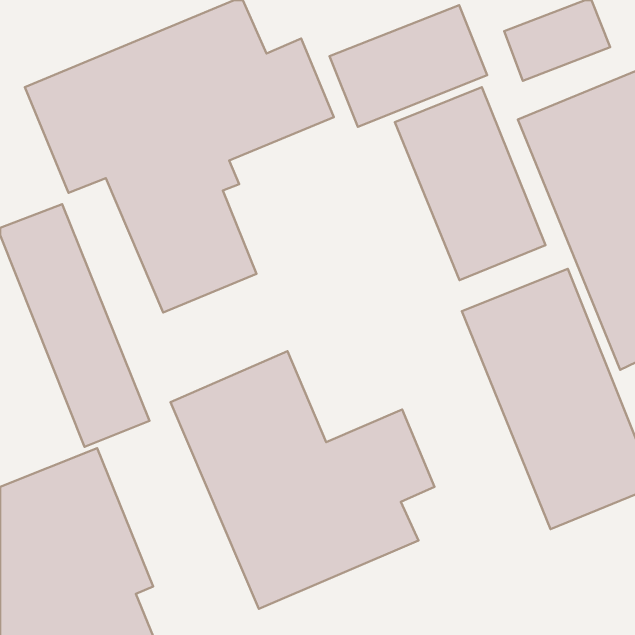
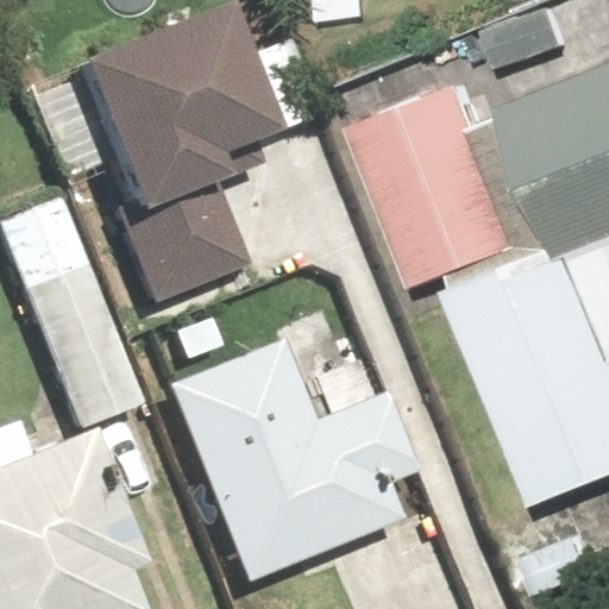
building: [329,5,487,127] -> none

